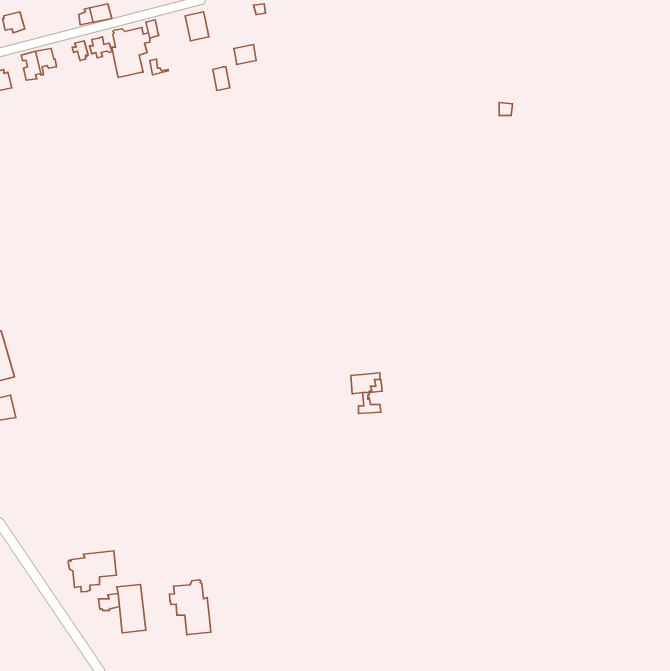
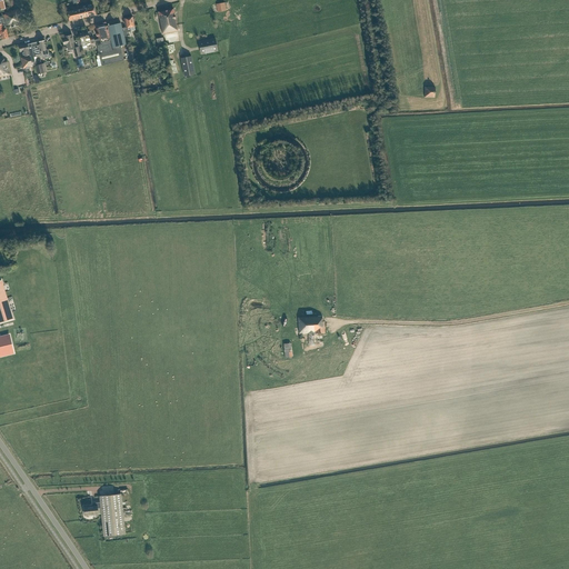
building: [68,551,117,592] -> none
building: [169,580,211,635] -> none

